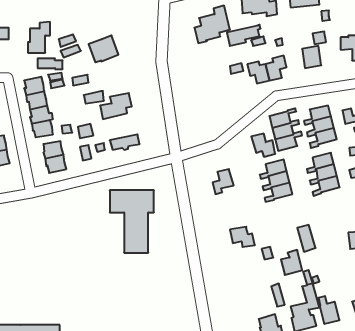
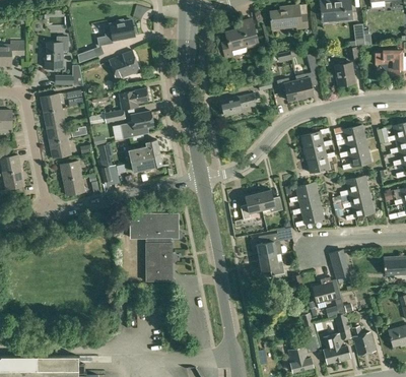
building: none -> [97,18,137,46]
building: [227,25,261,46] -> [220,92,256,115]
building: none -> [119,88,148,109]
building: none -> [129,140,160,161]
building: [251,134,275,157] -> [257,188,282,212]
building: none -> [254,232,281,255]

